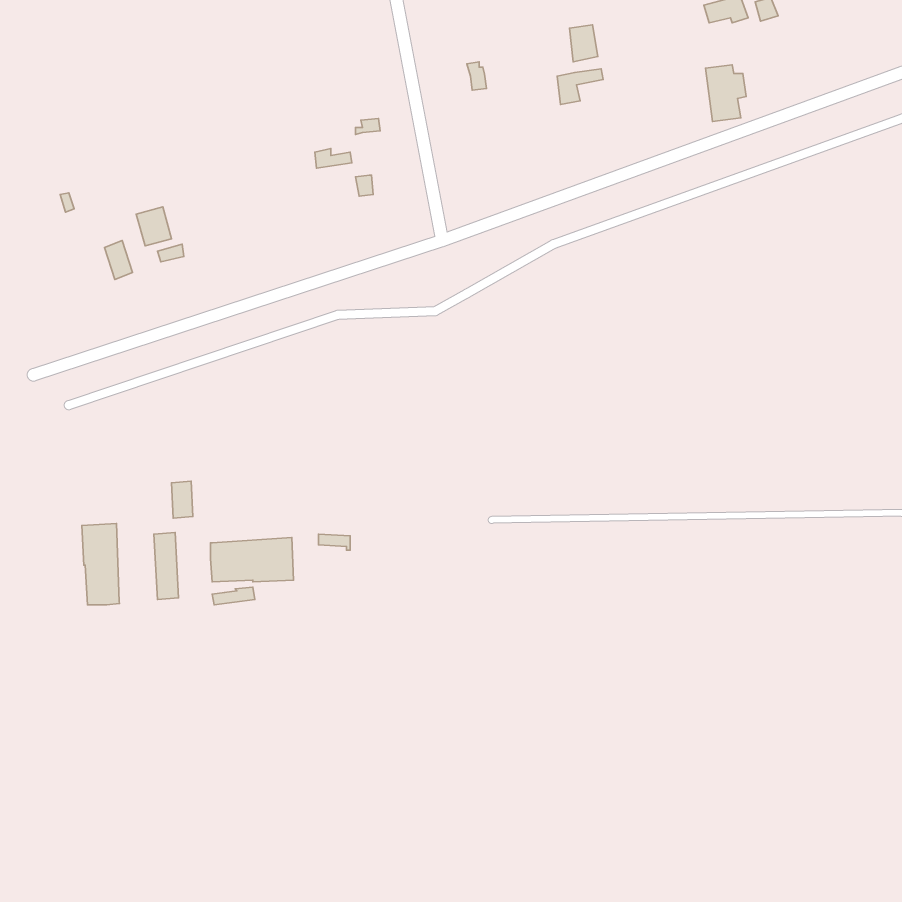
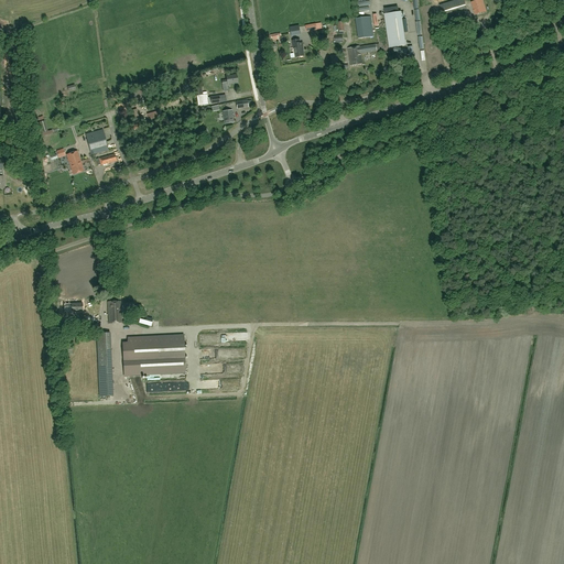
building: [706,65,746,121] -> [383,11,409,46]
building: [82,523,119,605] -> none

